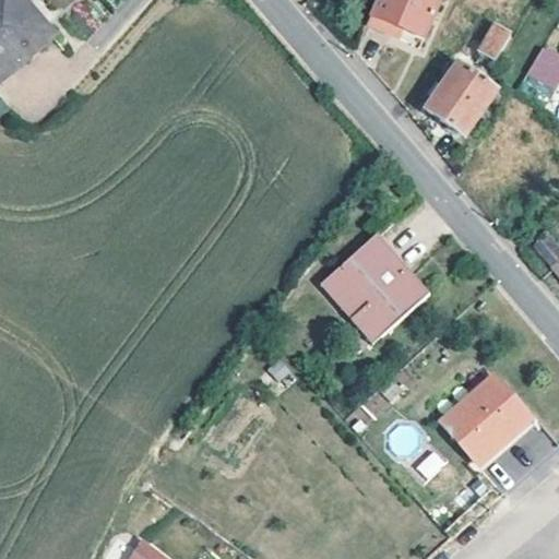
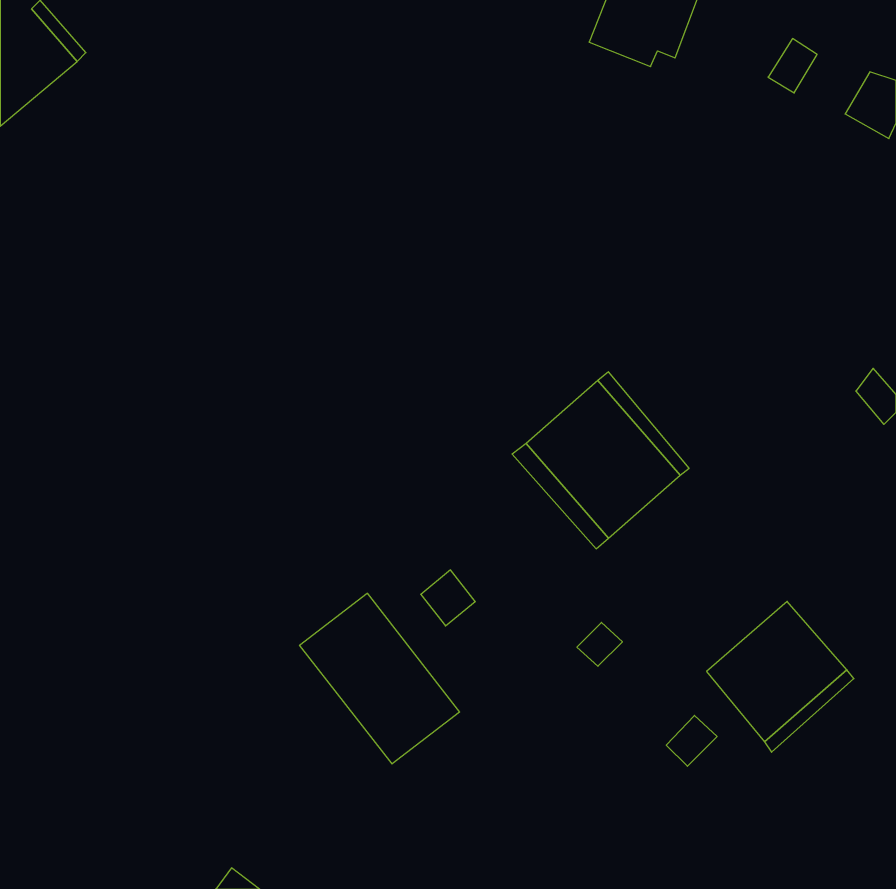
building: [425,63,495,134] -> none
building: none -> [300,593,460,764]

